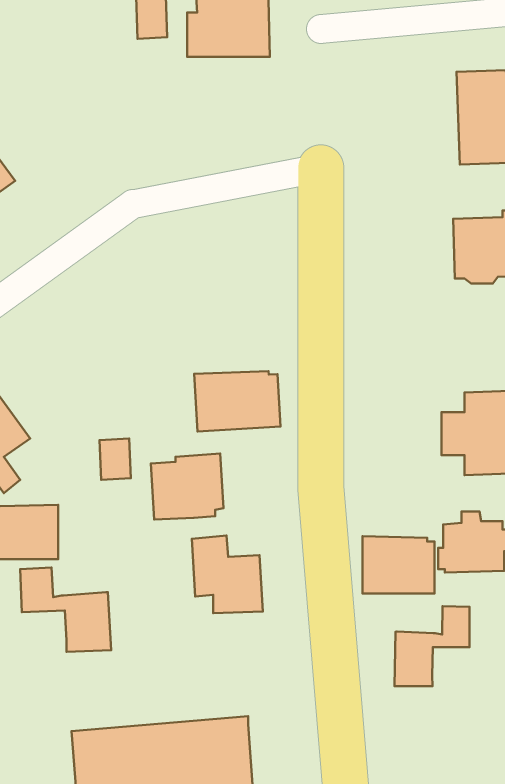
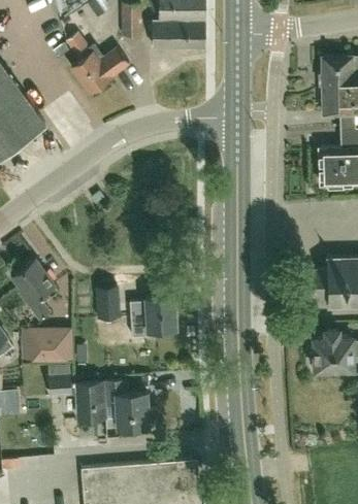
building: none -> [66,34,129,93]
building: [194,371,281,431] -> none
building: [192,535,263,613] -> [103,380,148,429]
building: [362,536,434,594] -> none
building: [395,606,469,686] -> none

